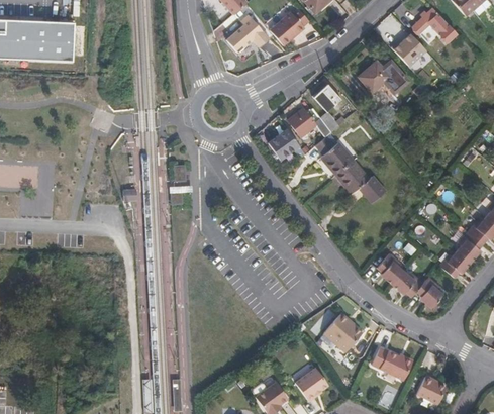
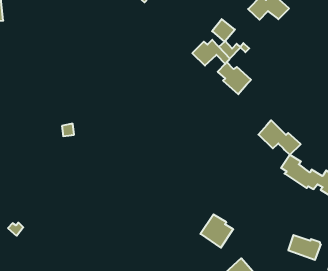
building: [268,128,304,159] -> none
building: [335,160,384,203] -> [258,120,301,155]
building: [324,313,364,353] -> [200,214,233,248]

